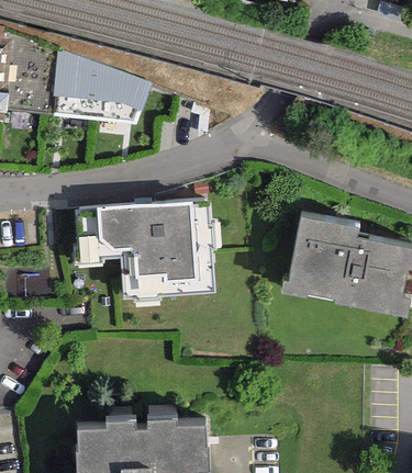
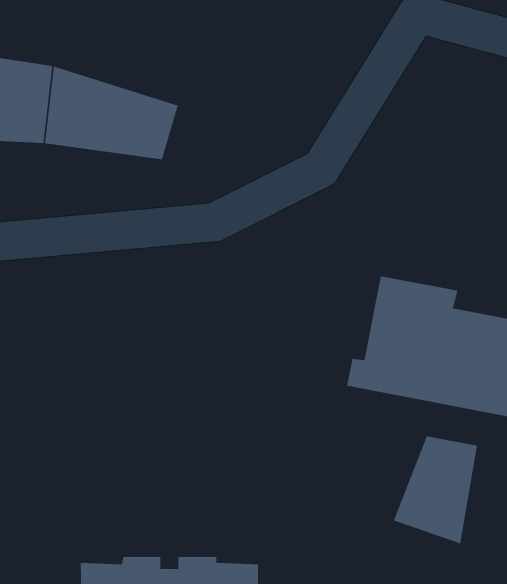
building: [71,201,213,302] -> none
building: none -> [393,435,478,545]

